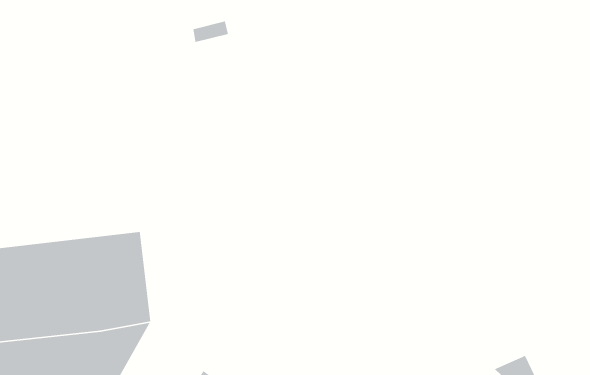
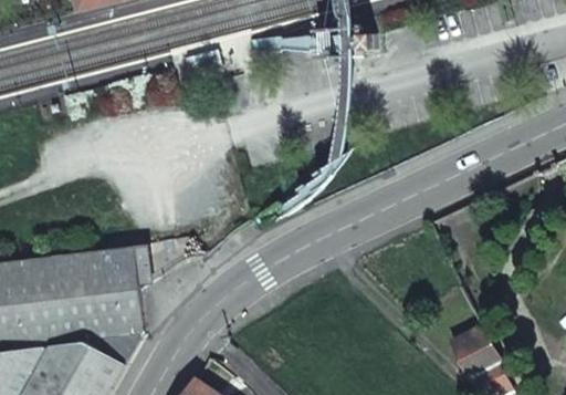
building: none -> [450,333,494,375]

